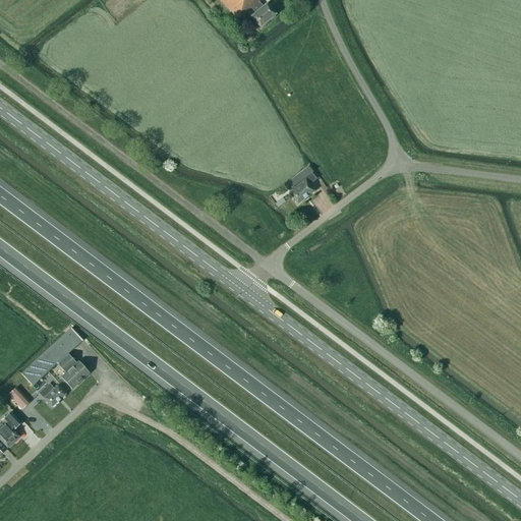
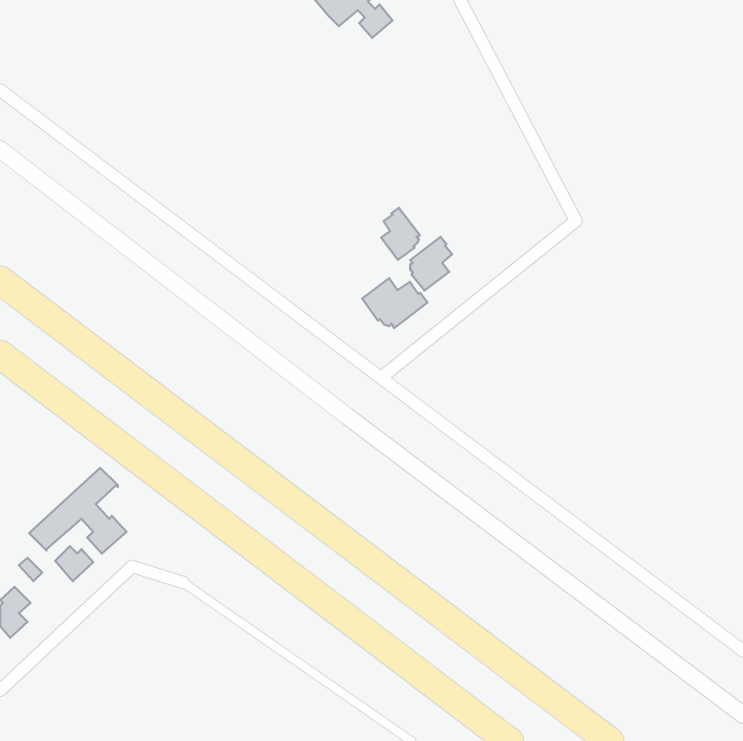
building: none -> [381,208,420,260]
building: none -> [362,278,427,328]

